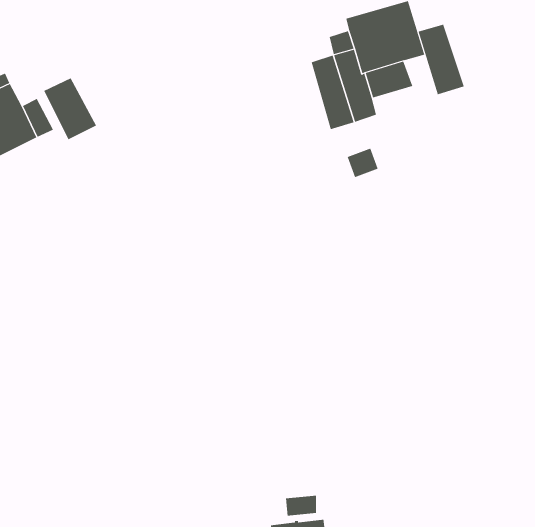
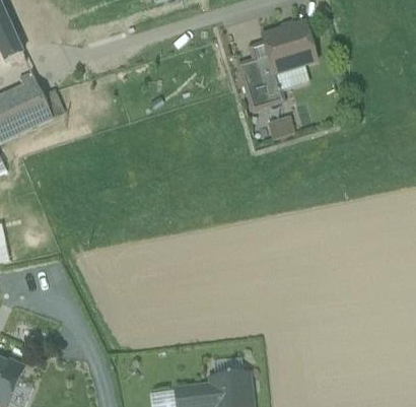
building: [418,24,464,95] -> none
building: [44,77,97,140] -> none

